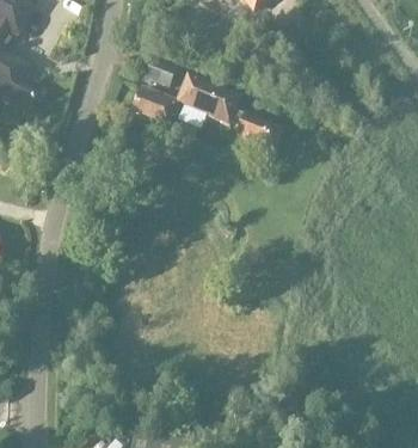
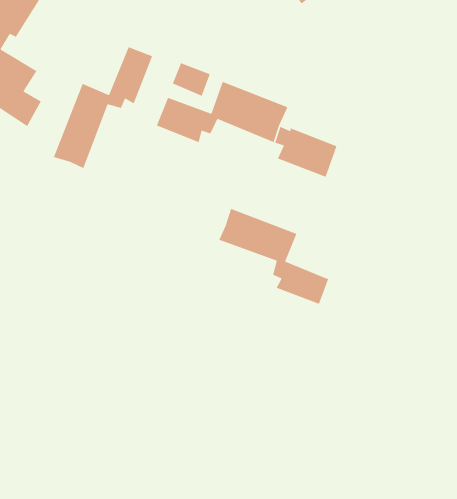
building: none -> [53,46,153,169]
building: none -> [218,208,329,305]

